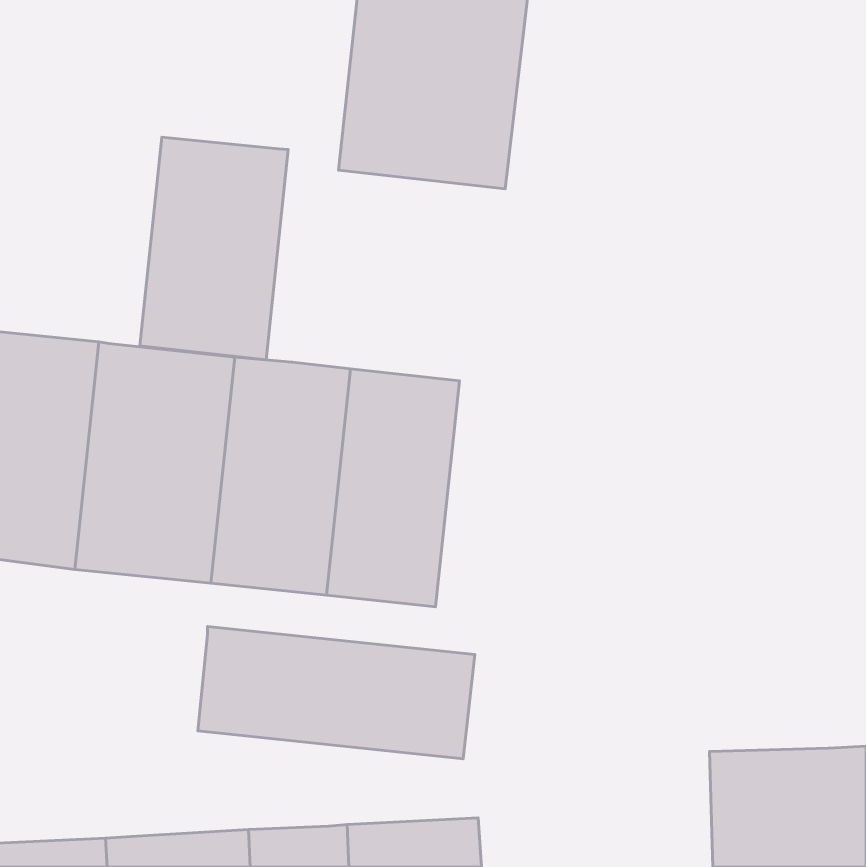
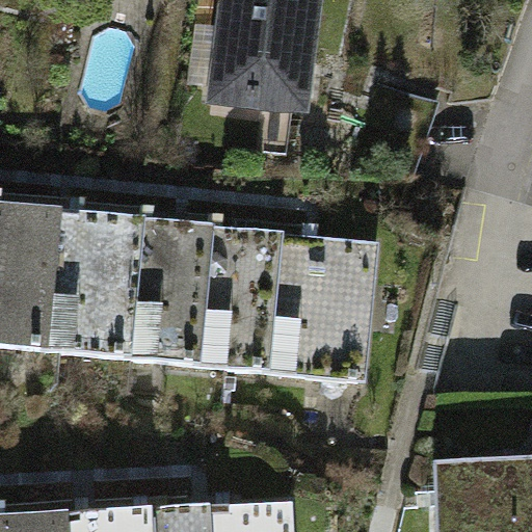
building: [140,137,288,360] -> none
building: none -> [266,233,379,381]
building: [198,627,475,759] -> none

